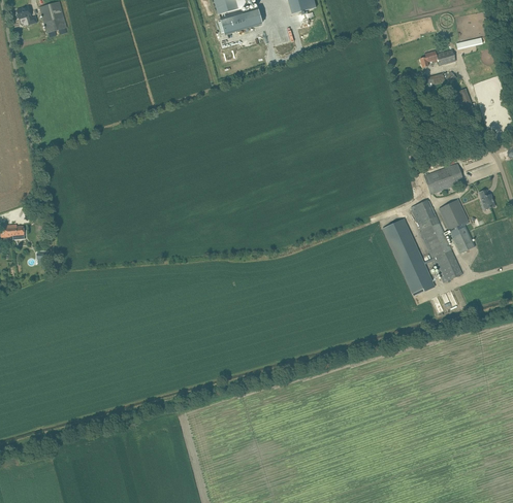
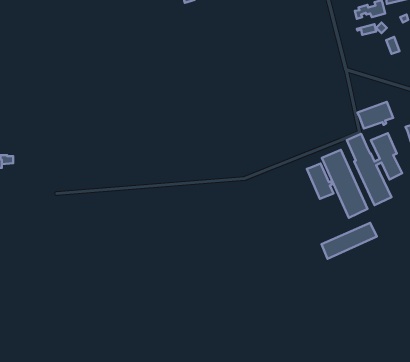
building: none -> [307,164,333,199]
building: none -> [322,223,377,259]

